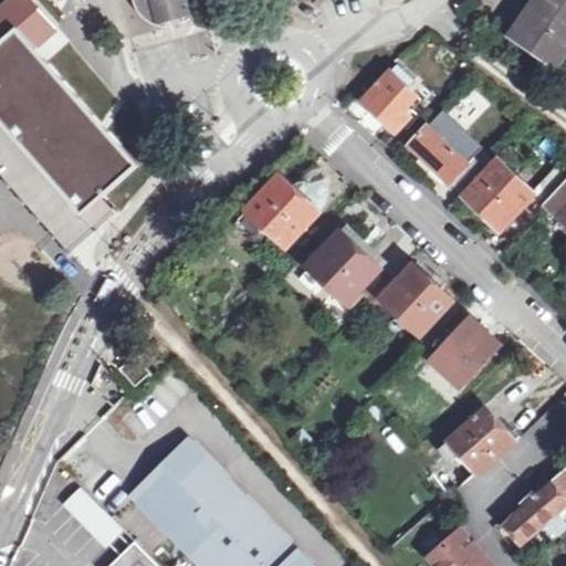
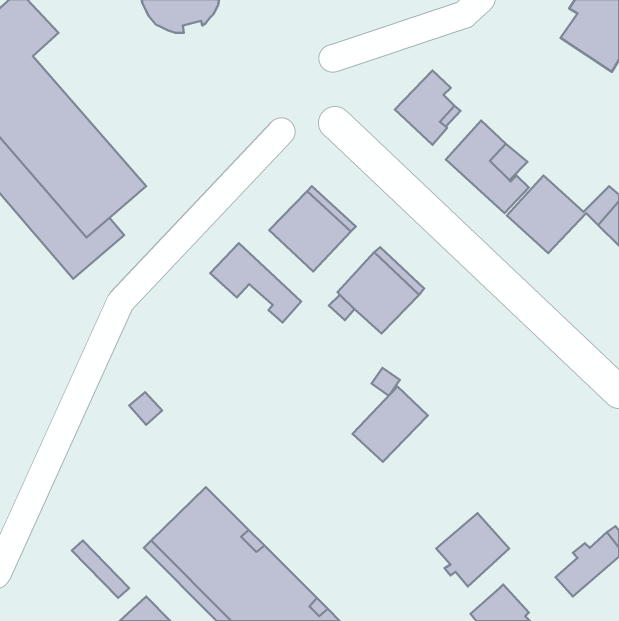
building: none -> [210,243,301,322]
building: [381,264,452,334] -> none
building: [430,317,499,386] -> [352,386,428,462]
building: [447,408,513,474] -> [436,513,509,586]

